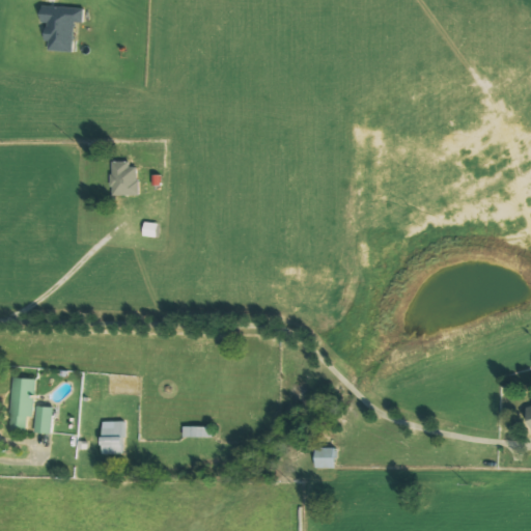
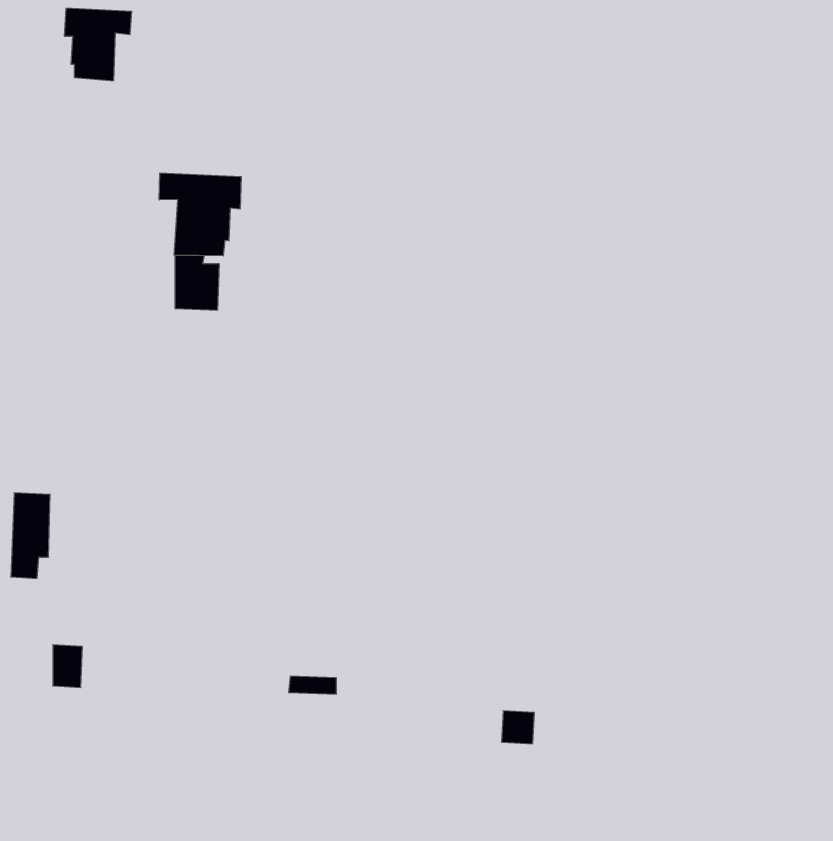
building: none -> [159,173,241,256]
building: [8,376,33,430] -> [11,493,50,578]
building: [103,420,124,453] -> none

